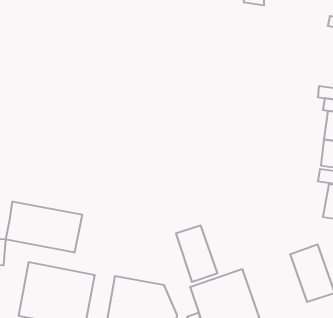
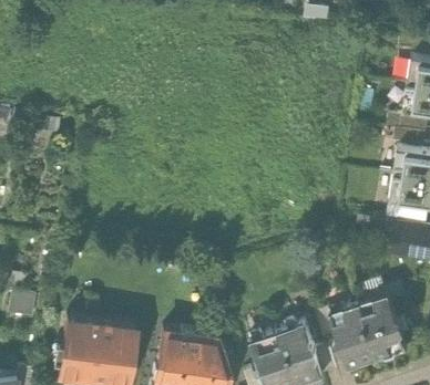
building: [6,202,82,253] -> none
building: [176,226,218,282] -> [330,302,377,365]

